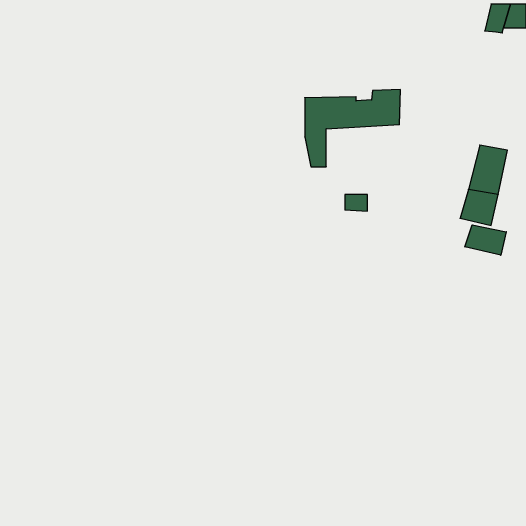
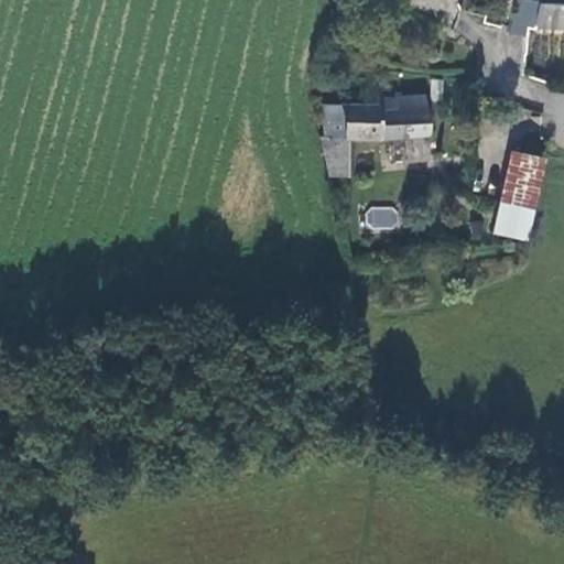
building: [465,225,506,255] -> none

